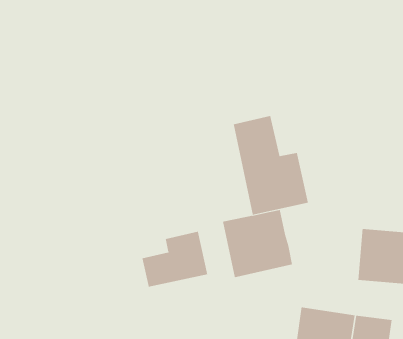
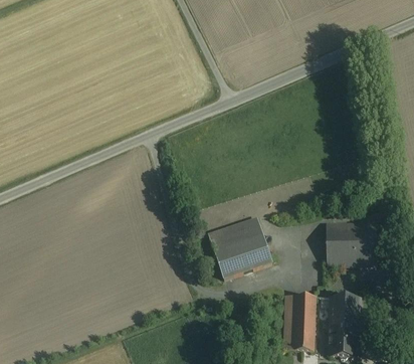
building: [233,115,308,215] -> none
building: [142,231,208,288] -> none

